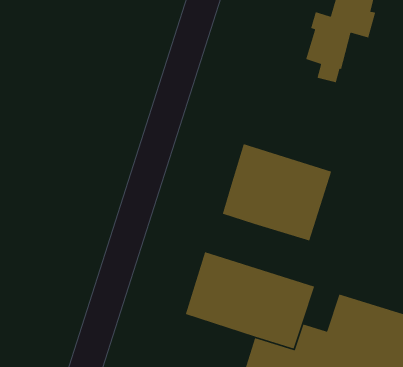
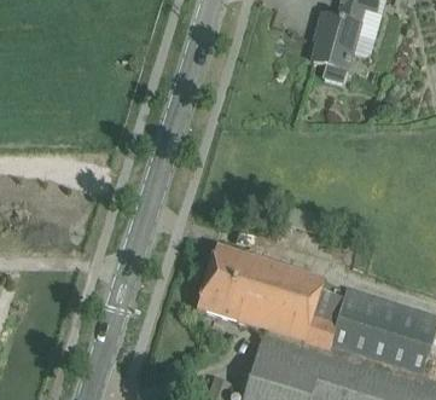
building: [222,143,332,242] -> none

